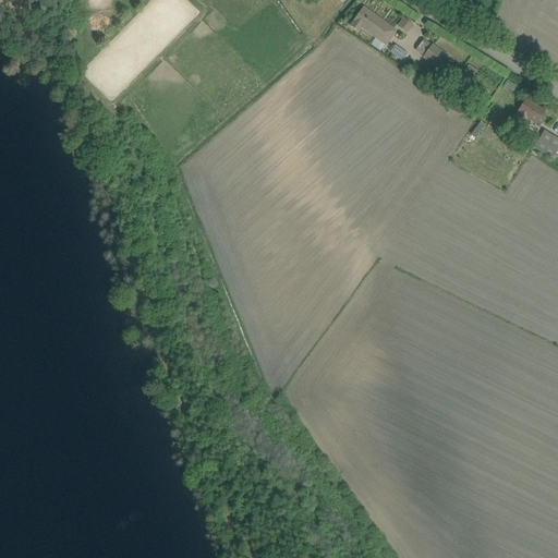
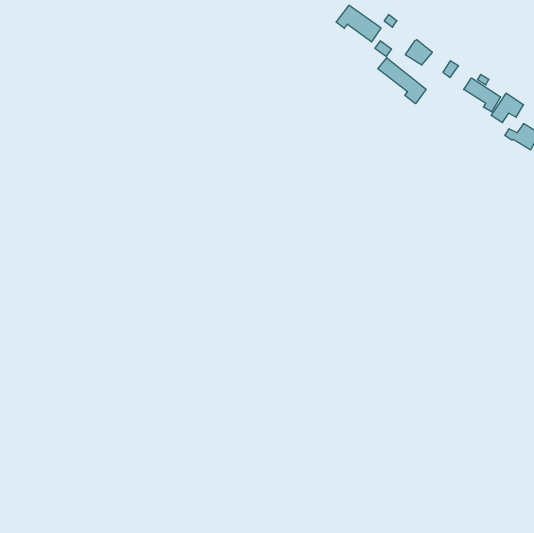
building: none -> [378,58,426,104]
building: none -> [464,78,501,112]

